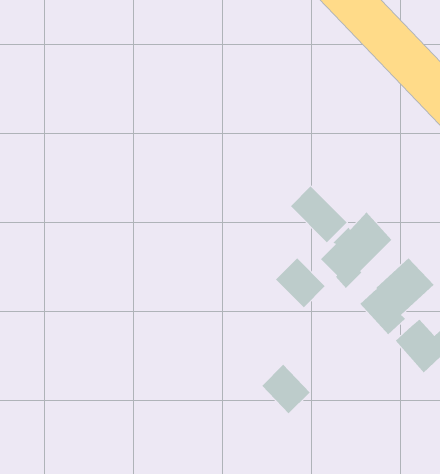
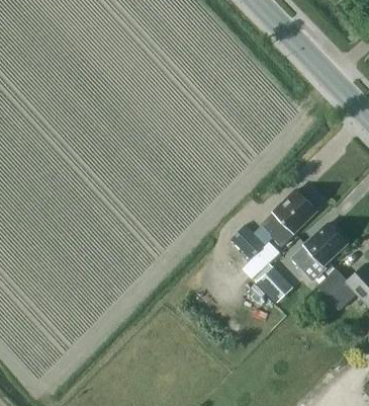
building: [290,186,347,243] -> none
building: [261,364,310,414] -> [257,267,293,305]

